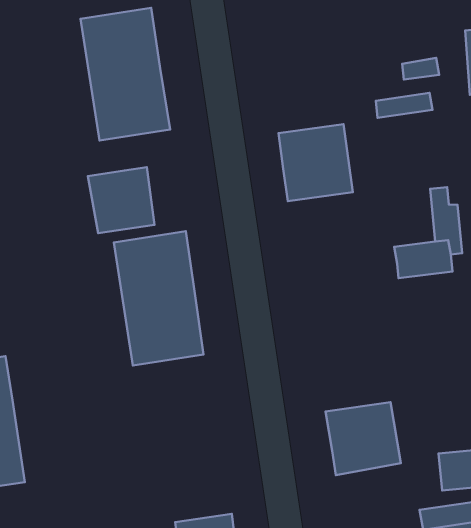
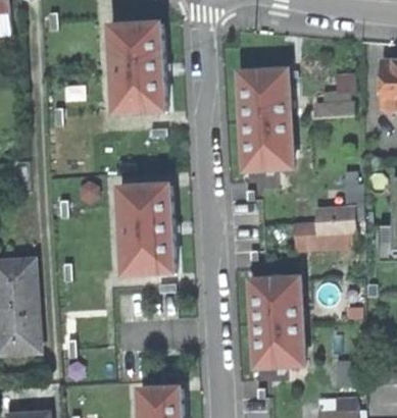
building: none -> [240,69,289,120]
building: [88,167,154,233] -> none
building: none -> [296,221,357,248]
building: none -> [254,275,303,321]

